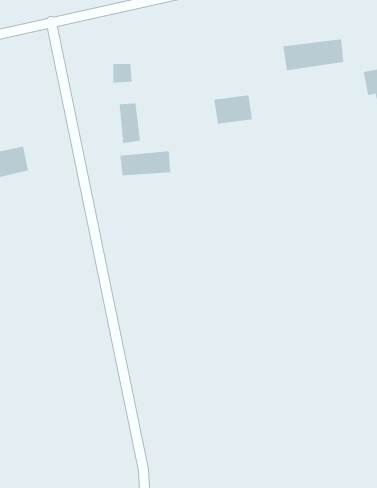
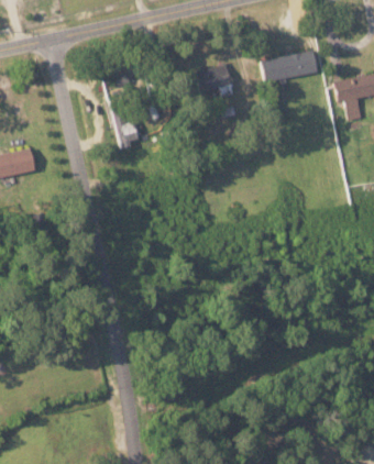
building: [214,95,253,124] -> [197,66,232,92]
building: [120,150,171,176] -> none

